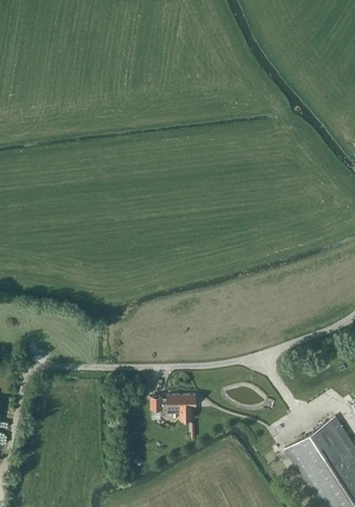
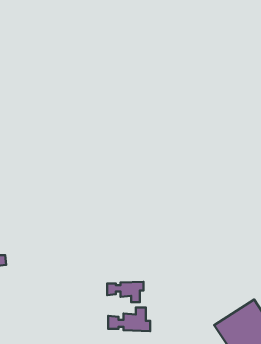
building: none -> [108,307,150,331]

